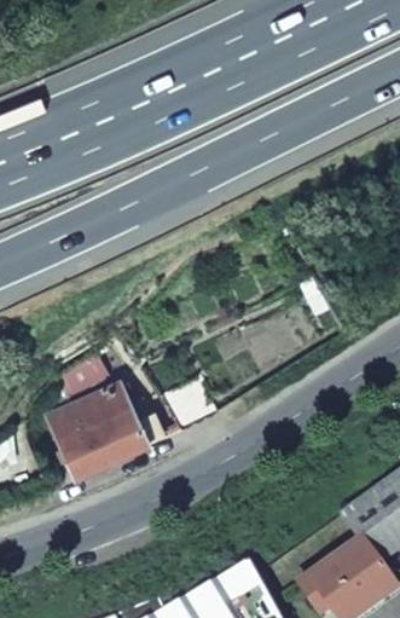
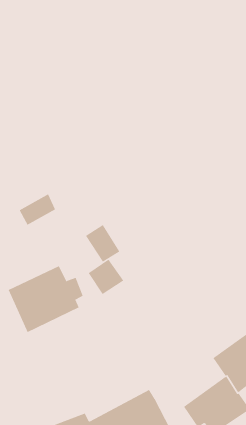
building: none -> [85,224,120,263]
building: [54,353,108,399] -> [19,193,56,225]

